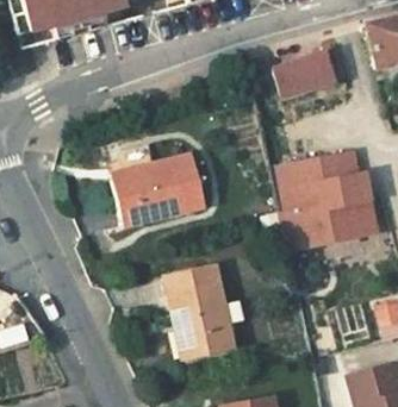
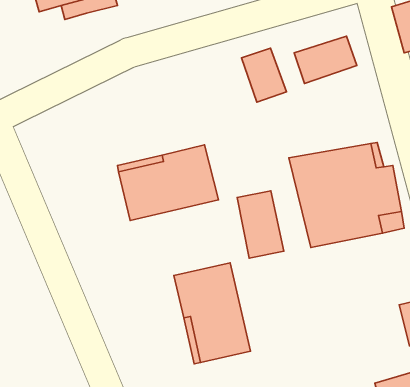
building: none -> [242,48,287,102]
building: none -> [237,191,284,258]

